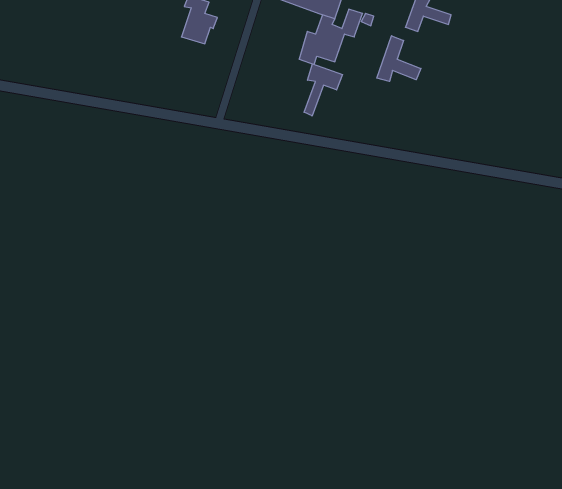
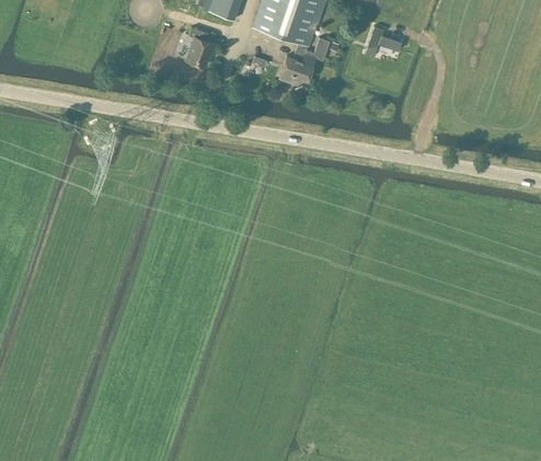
building: [377,36,421,81] -> none
building: [304,64,342,116] -> none

